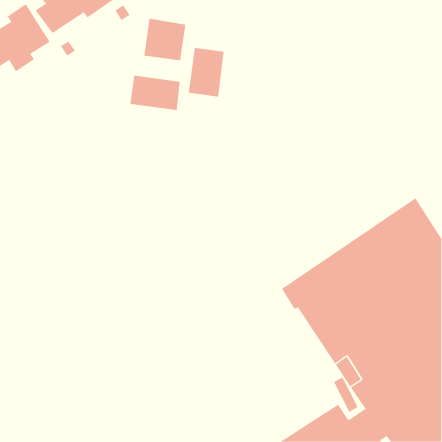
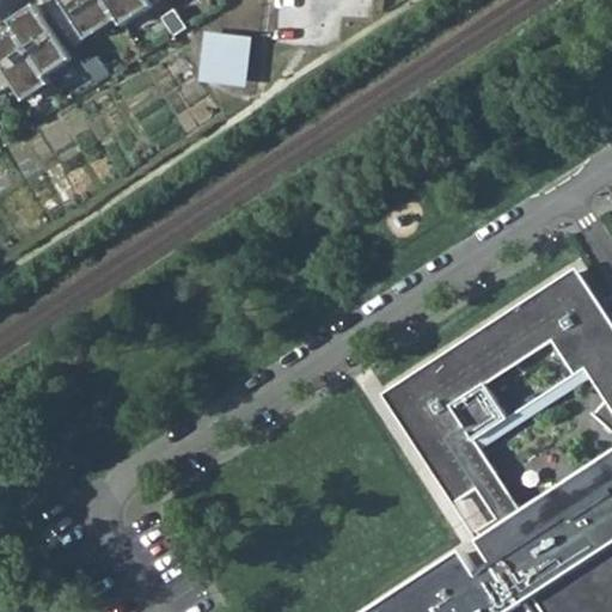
building: [188,47,224,97] -> none
building: [130,75,180,111] -> none

